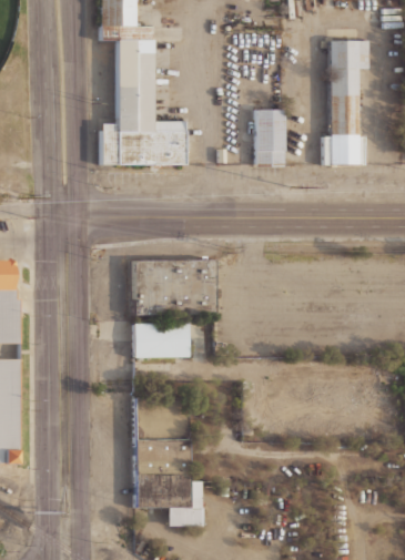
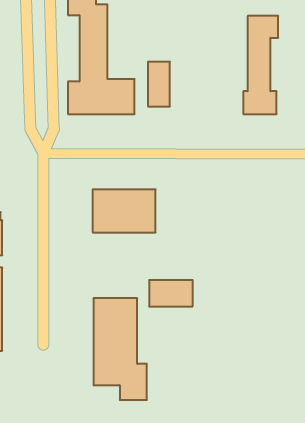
building: [256,110,284,166] -> [148,62,170,106]
building: [134,324,190,357] -> [149,280,193,306]

